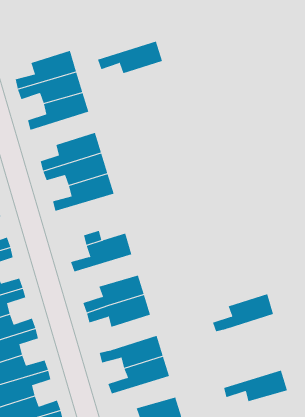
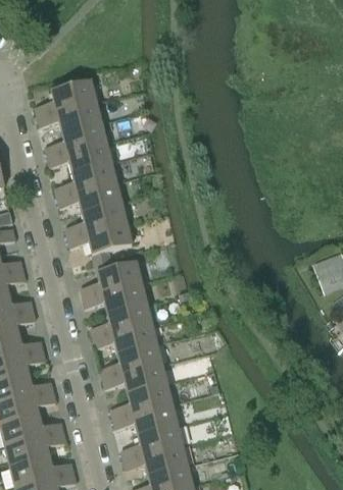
building: [97,41,163,74] -> [48,142,112,172]
building: none -> [68,223,133,254]
building: none -> [84,283,147,313]
building: [212,294,274,332] -> [101,343,162,378]
building: [223,370,288,402] -> [114,404,178,434]

